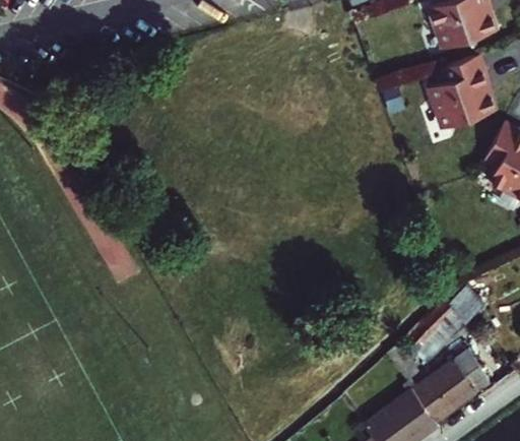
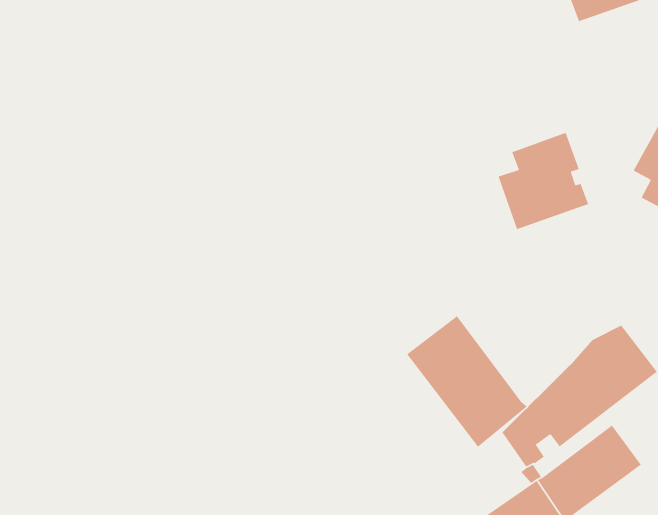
building: [428,55,497,129] -> [498,132,589,230]
building: none -> [406,315,527,448]

